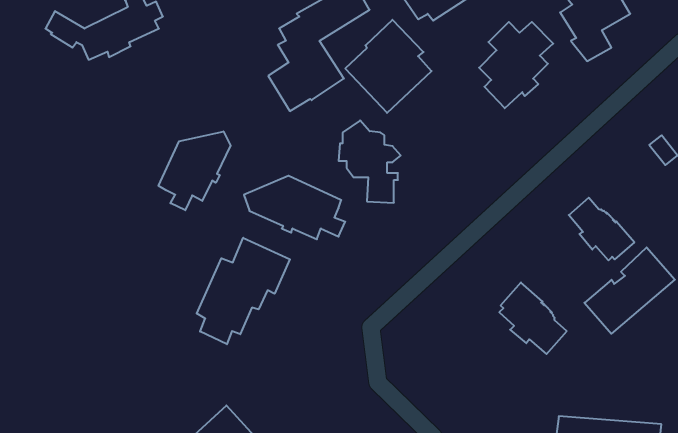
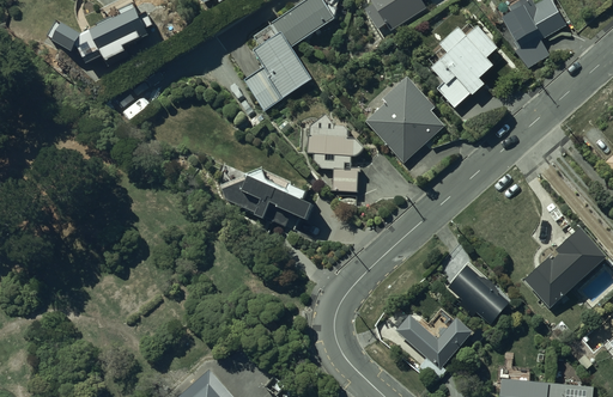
building: [345,20,432,113] -> [365,78,442,160]
building: [159,131,231,210] -> none
building: [569,198,634,260] -> none
building: [197,238,290,344] -> none
building: none -> [396,314,471,367]

